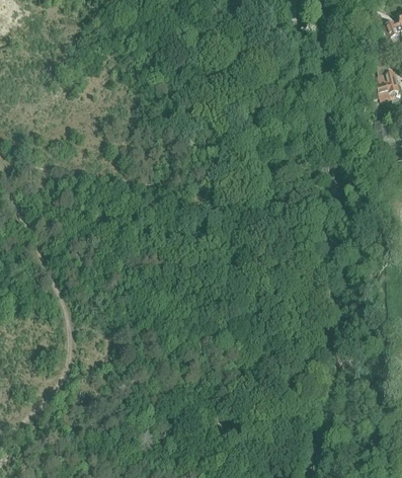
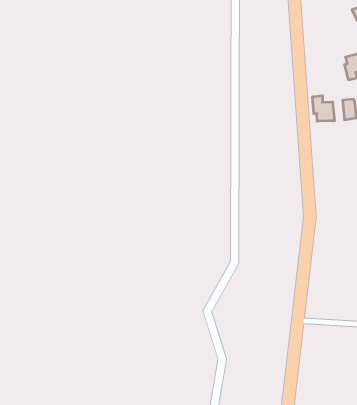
building: none -> [313,96,334,121]

